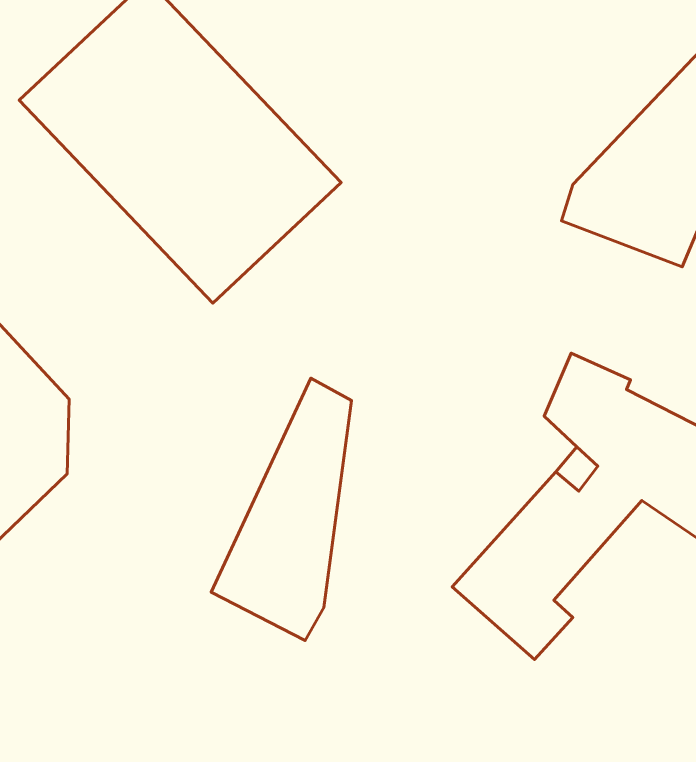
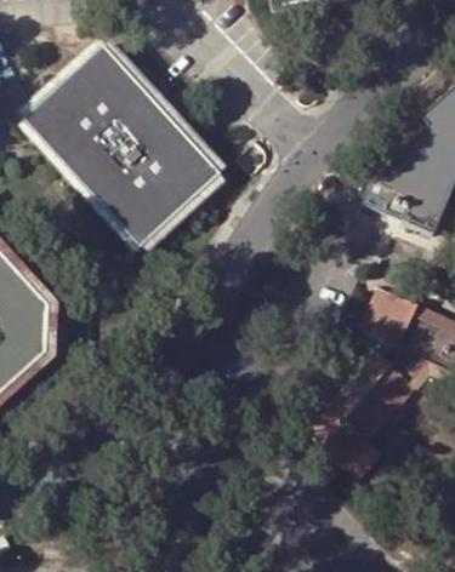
building: [211,378,352,641] -> none

